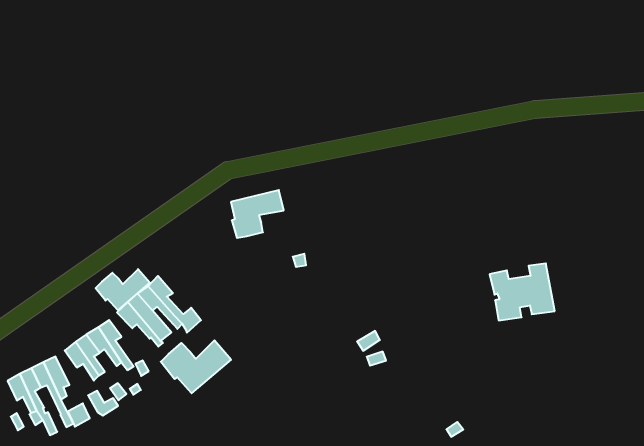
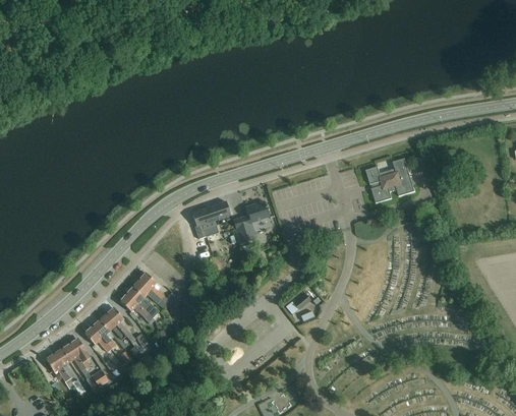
building: none -> [232,200,270,243]
building: [490,263,555,320] -> [365,158,415,202]
building: [96,269,150,310] -> none
building: [161,340,231,393] -> none

